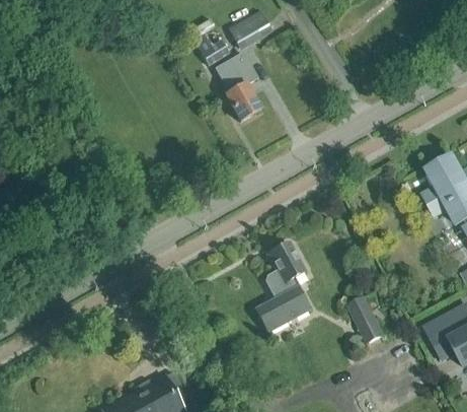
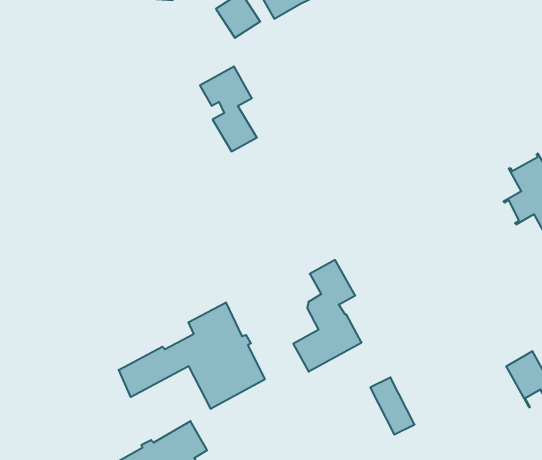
building: [215,53,260,121] -> [200,66,257,151]
building: none -> [119,302,265,409]
building: [347,297,383,343] -> [370,377,415,435]

